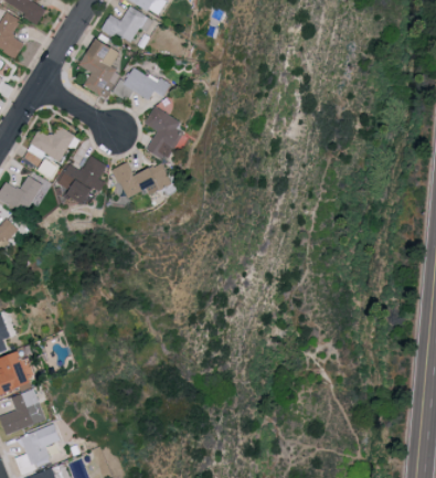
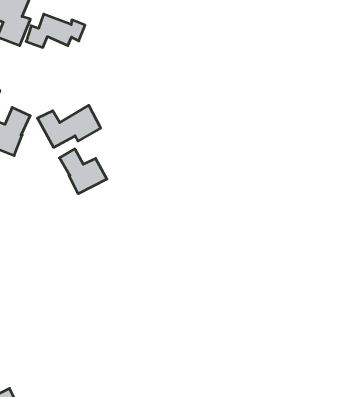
building: [143,106,181,160] -> none
building: none -> [59,149,107,194]

